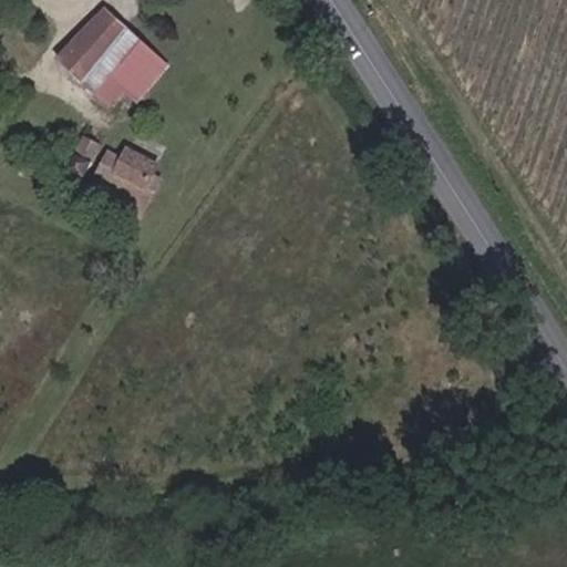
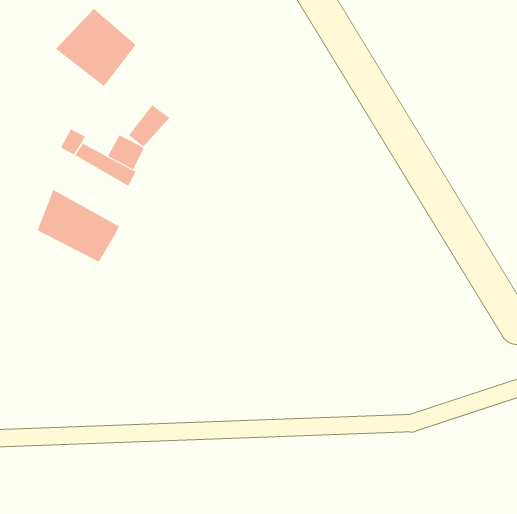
building: [123,49,168,95] -> [128,104,170,147]
building: none -> [37,189,120,262]

